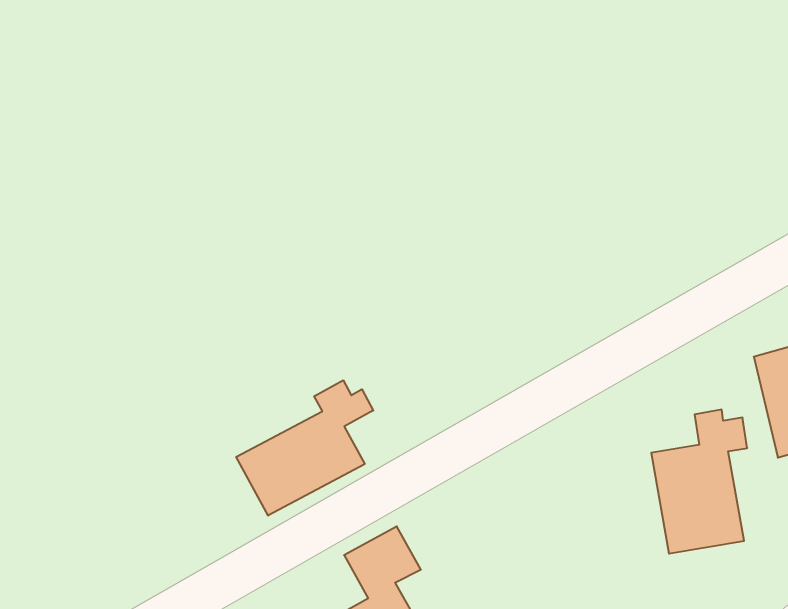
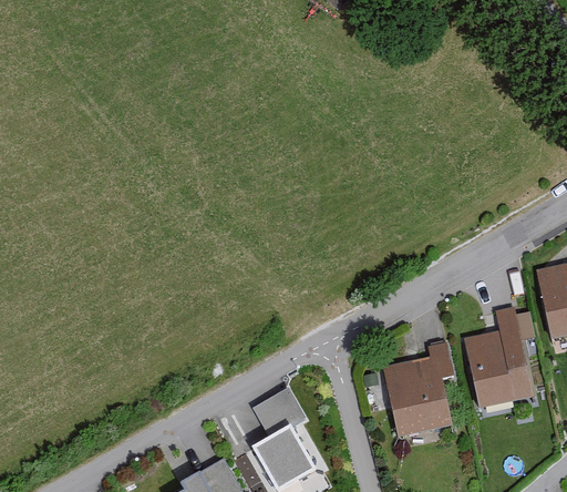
building: [236,380,373,516] -> none
building: none -> [384,344,452,439]

